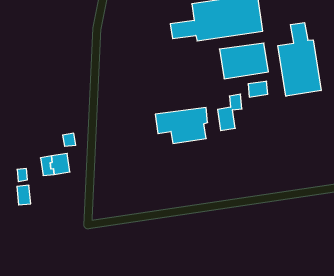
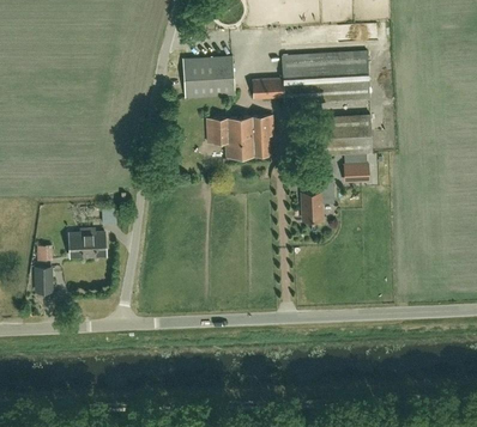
building: none -> [182,55,234,98]
building: [278,23,321,96] -> none
building: [155,108,208,143] -> [206,116,272,158]

